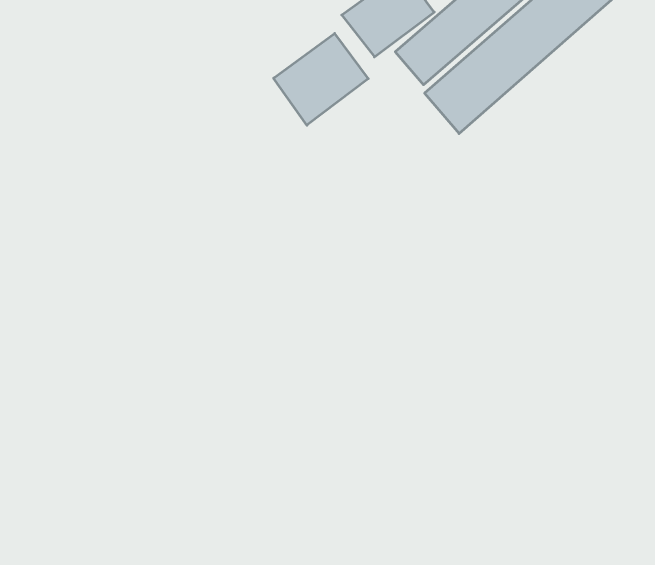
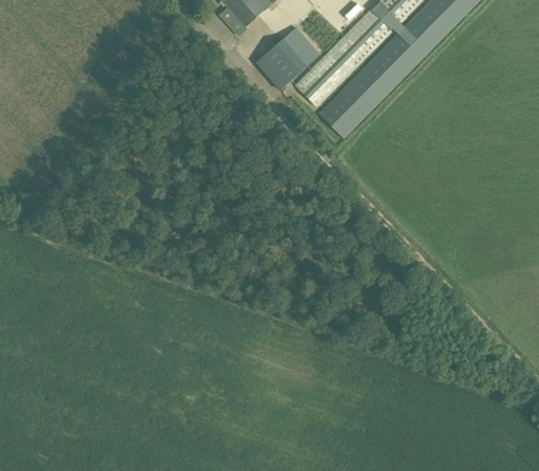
building: [274,33,368,125] -> none

